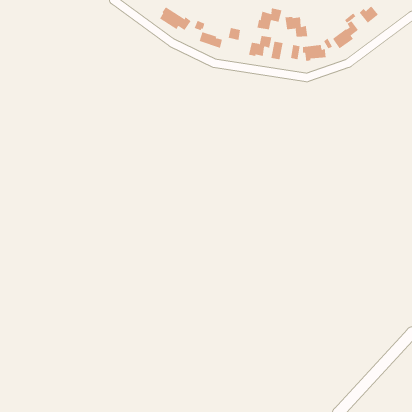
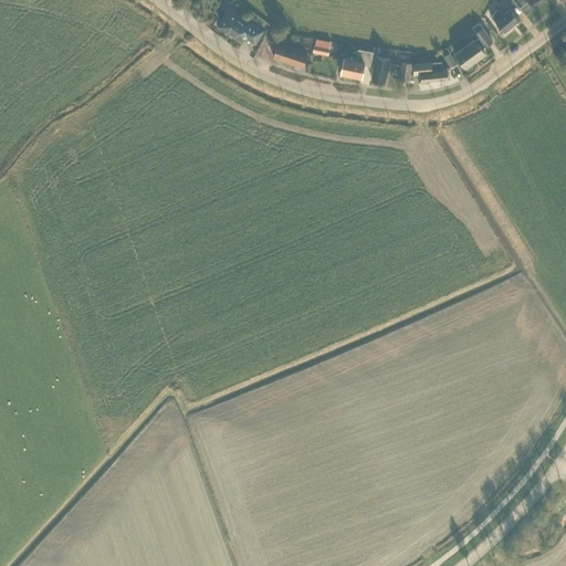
building: [257,7,282,30] -> none
building: [285,16,308,37] -> none

